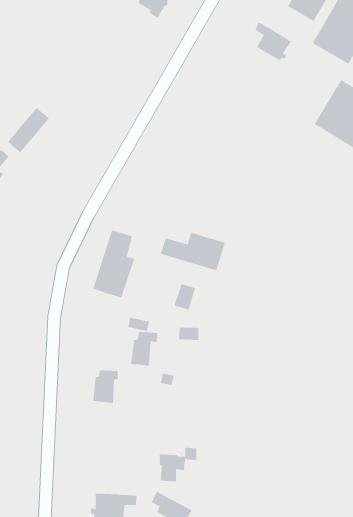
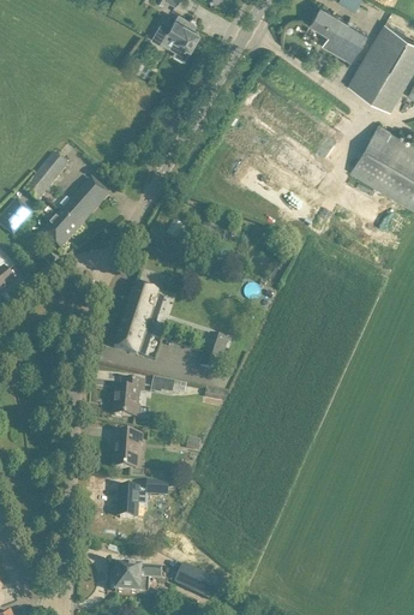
building: [255,22,292,61] -> none
building: none -> [43,179,109,249]
building: [160,232,225,271] -> none
building: [130,332,158,366] -> [114,380,144,417]
building: [159,447,197,482] -> [119,480,160,518]

